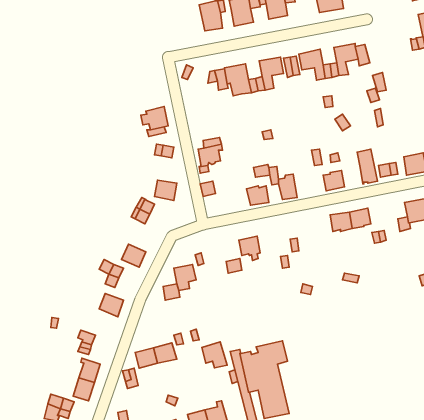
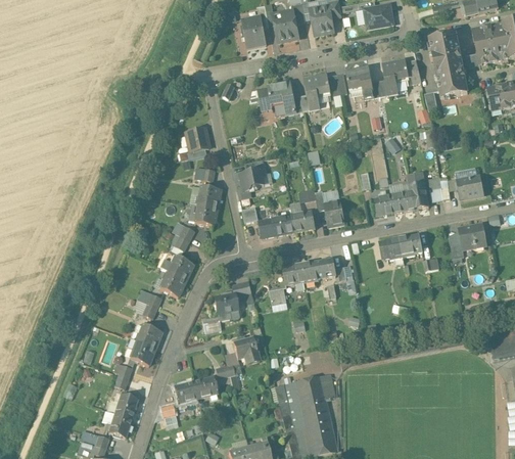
building: none -> [429,33,468,98]
building: none -> [197,186,221,208]
building: none -> [391,191,414,213]
building: none -> [259,214,295,238]
building: none -> [159,251,193,280]
building: none -> [302,258,336,282]
building: none -> [127,340,155,365]
building: [202,342,227,368] -> [233,336,260,364]

